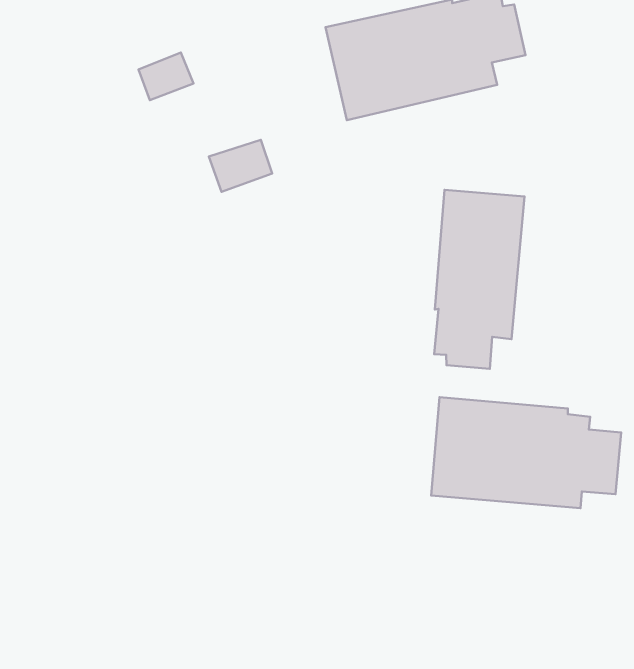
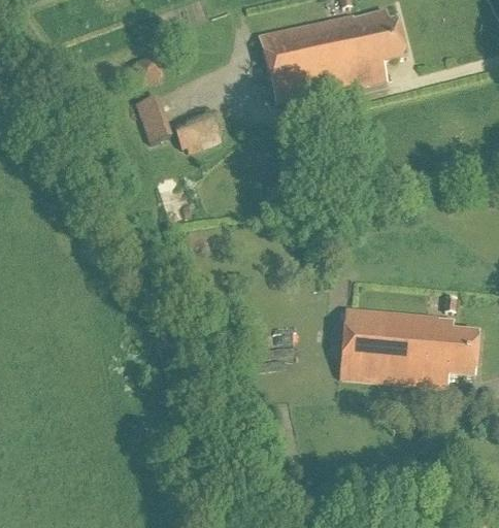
building: none -> [136,95,173,143]
building: [434,190,524,369] -> none

